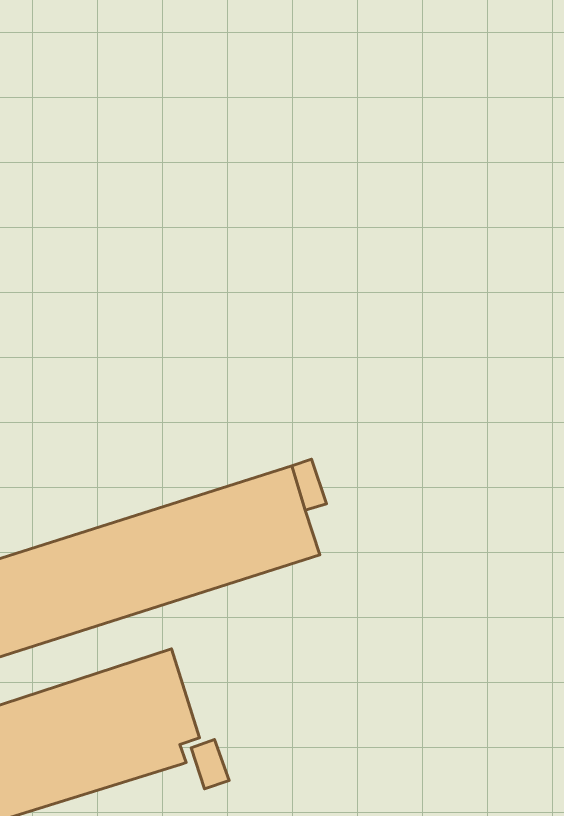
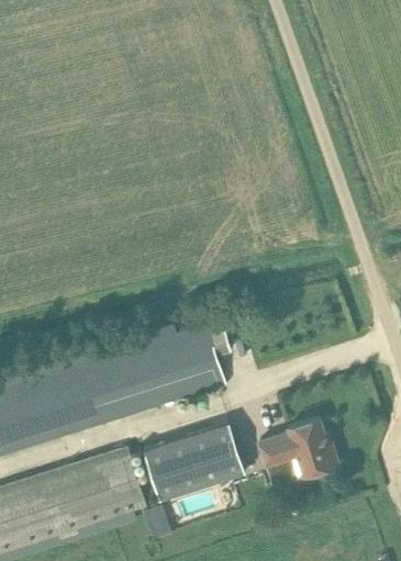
building: none -> [140,415,241,496]
building: none -> [258,416,337,475]

